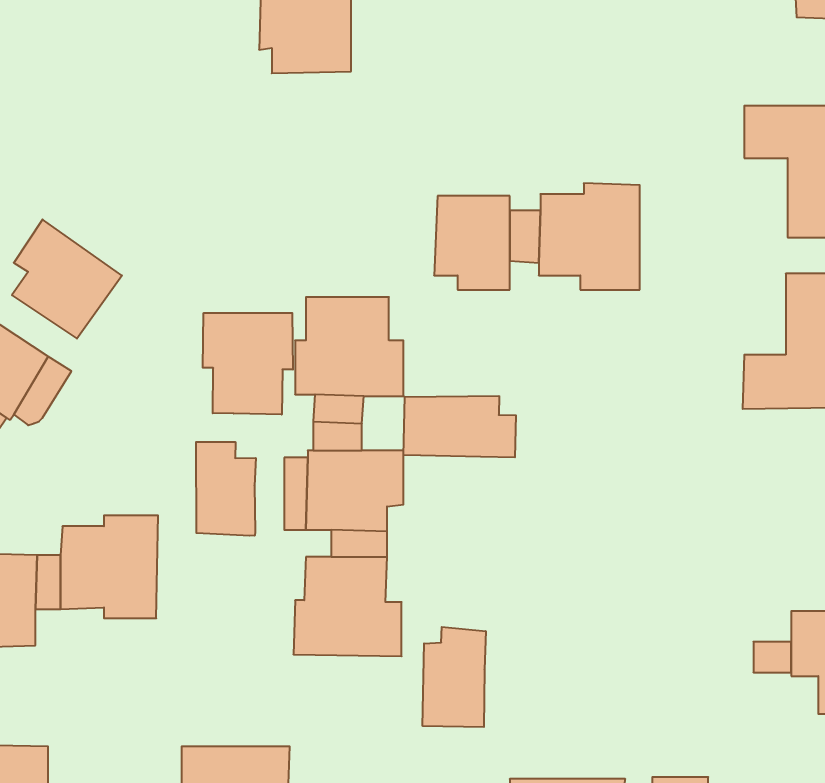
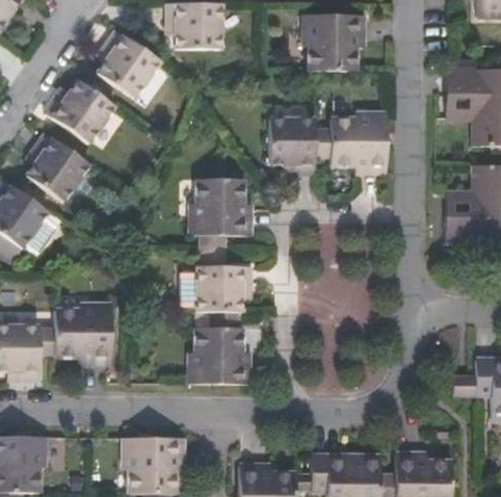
building: none -> [302,16,364,71]
building: none -> [98,30,160,98]
building: none -> [45,79,116,142]
building: [203,313,293,415] -> none
building: [403,396,516,457] -> none
building: [196,442,256,536] -> none
building: [423,627,486,727] -> none

